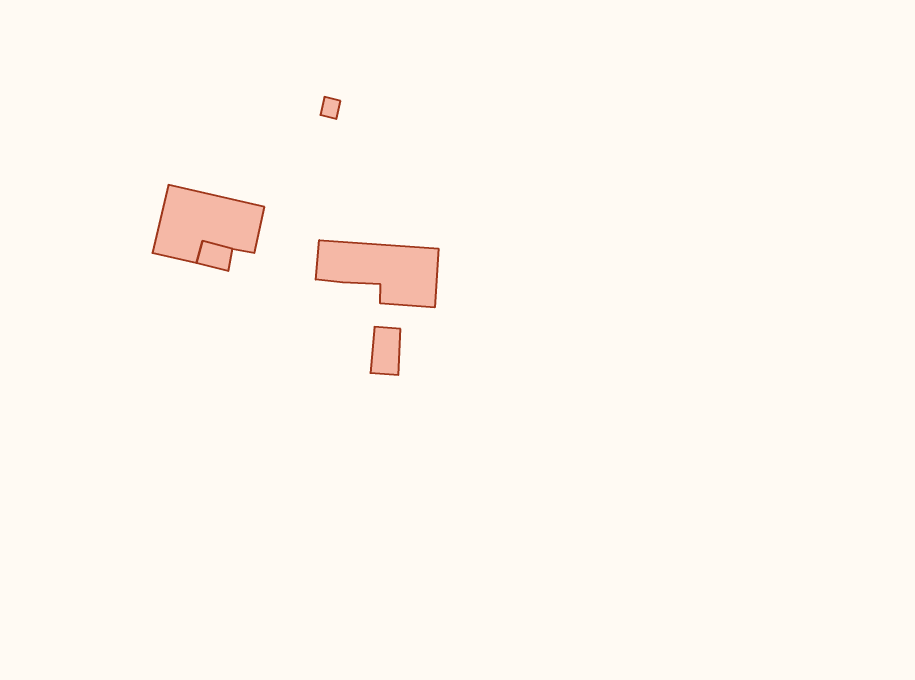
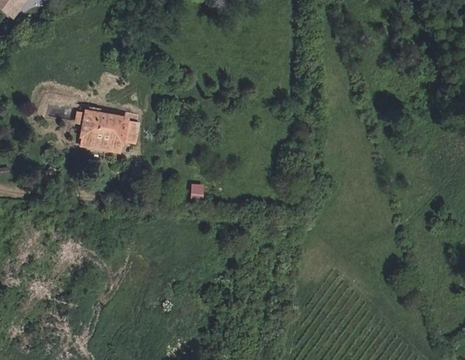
building: [316,240,438,307] -> none

